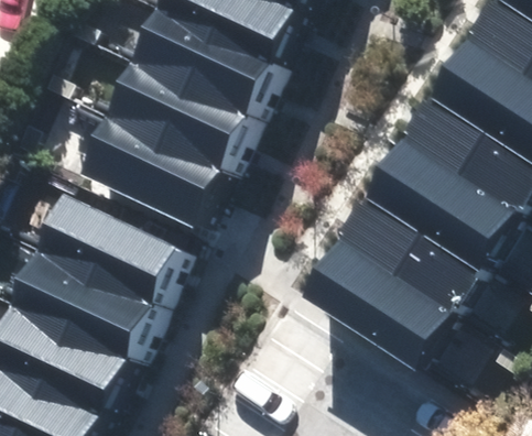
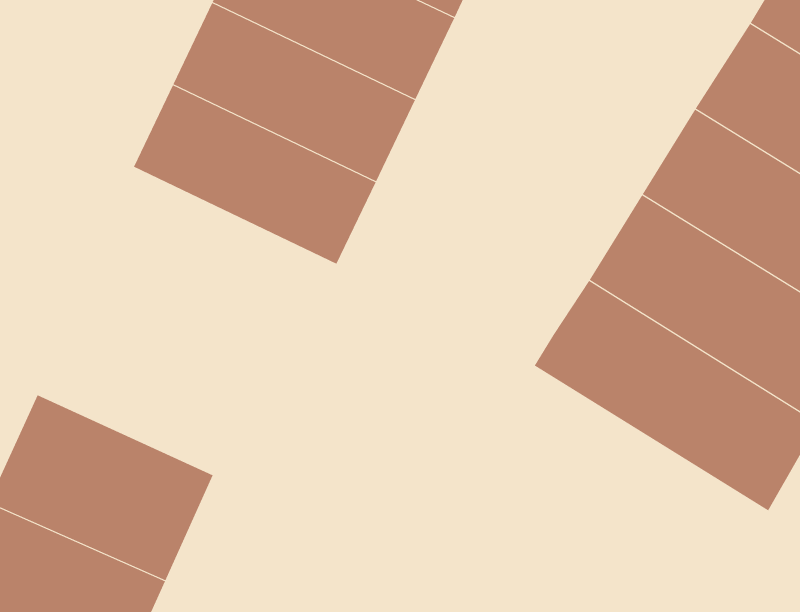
building: [67,112,224,228] -> none
building: [31,190,175,310] -> none
building: [316,240,501,389] -> none

